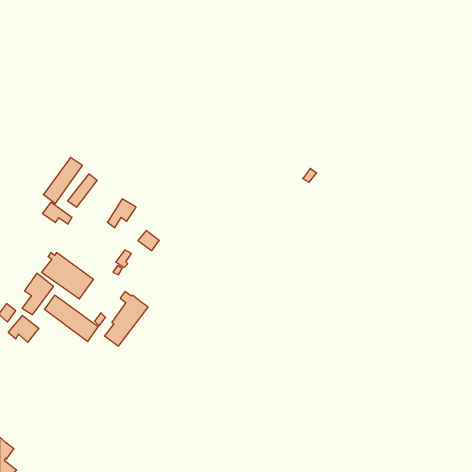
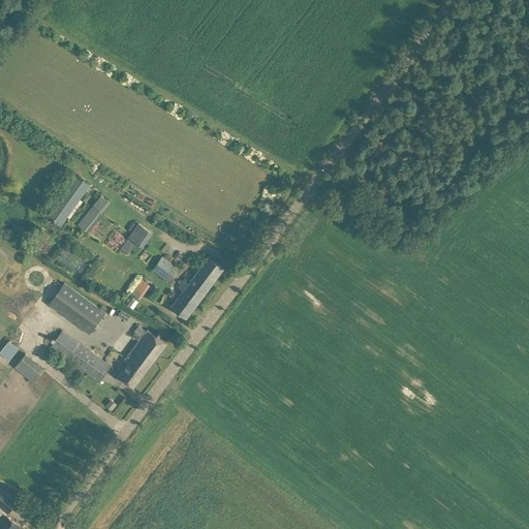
building: [42,202,72,224] -> none
building: none -> [170,257,223,319]
building: [22,273,53,315] -> none

